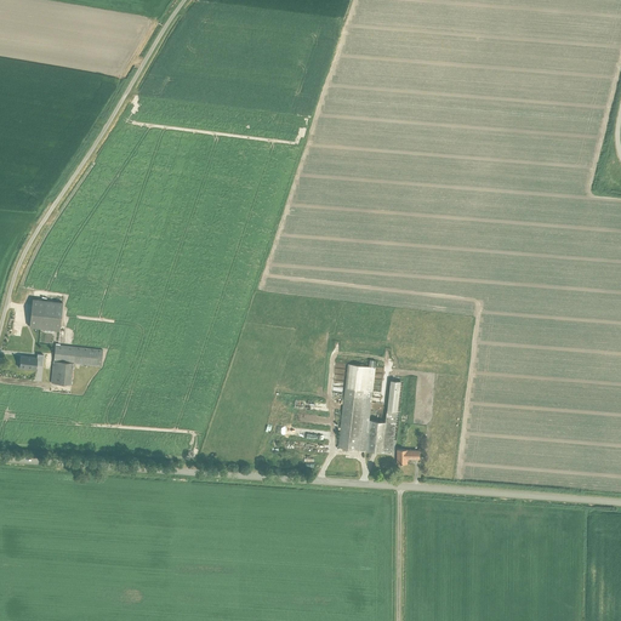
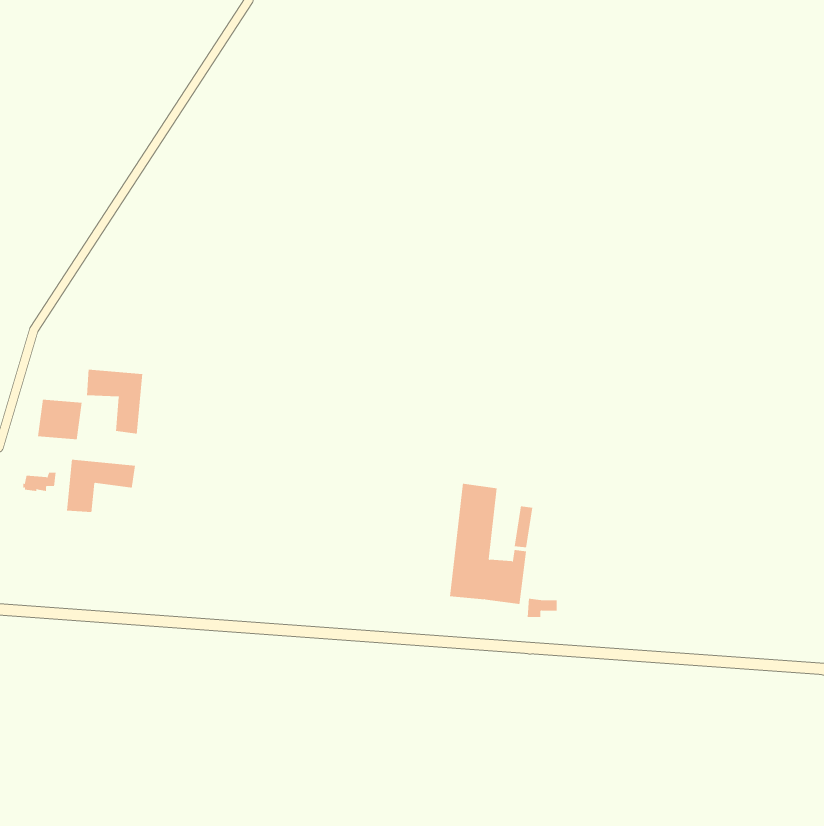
building: none -> [87,369,143,434]

